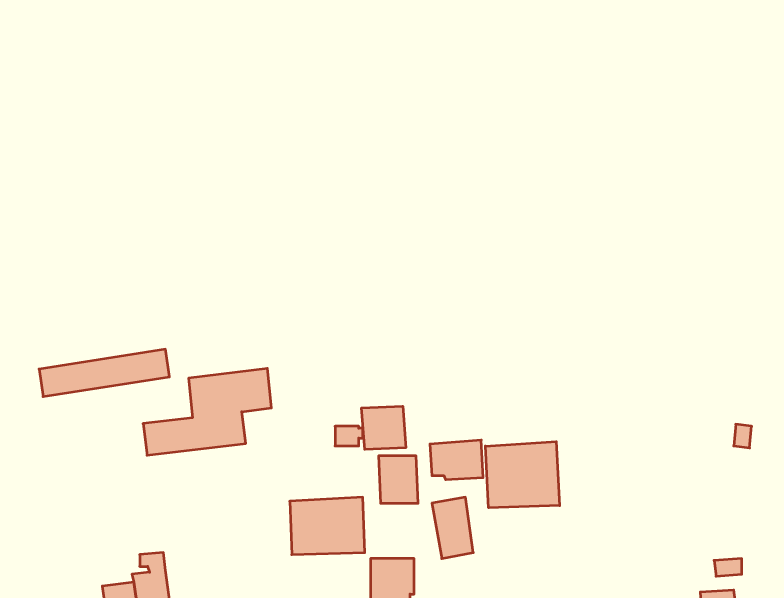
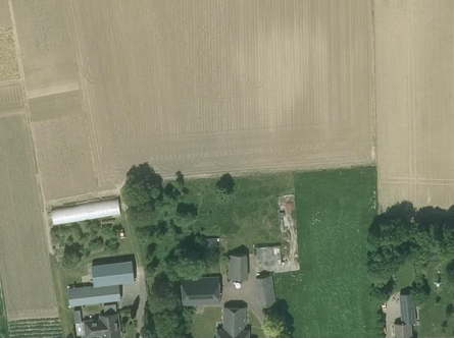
building: [143,368,271,455] -> [68,261,135,305]
building: [362,406,406,449] -> none
building: [485,442,560,508] -> none

